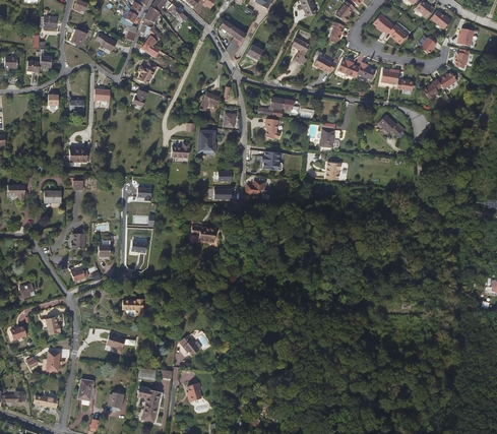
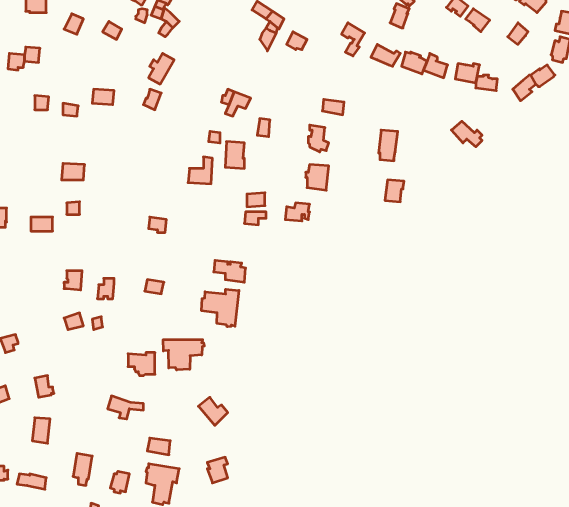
building: none -> [202,289,239,327]
building: none -> [163,340,204,370]

